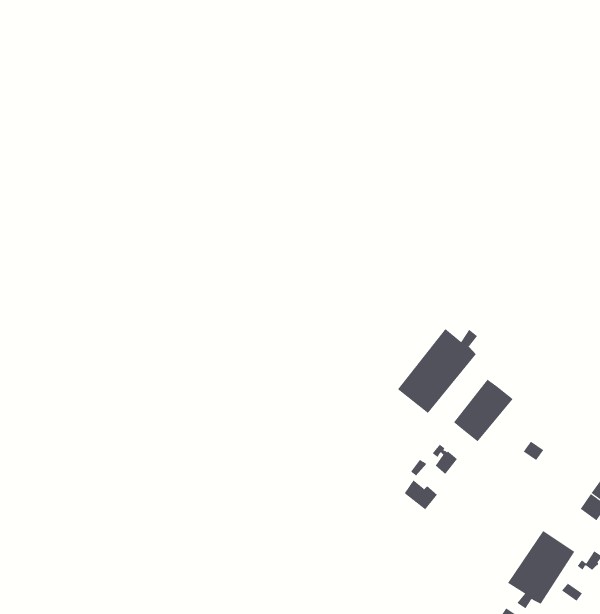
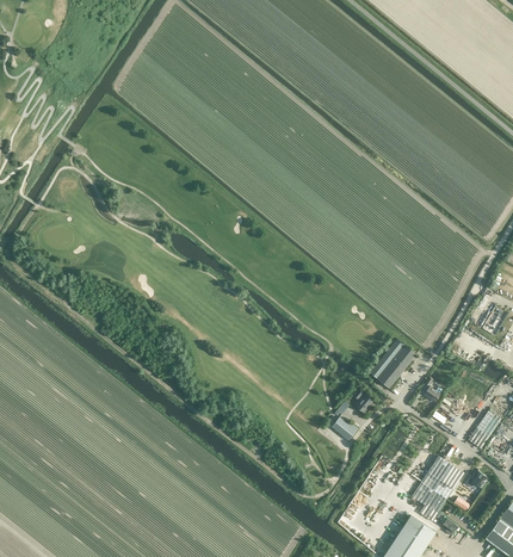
building: [397,328,478,414] -> none

